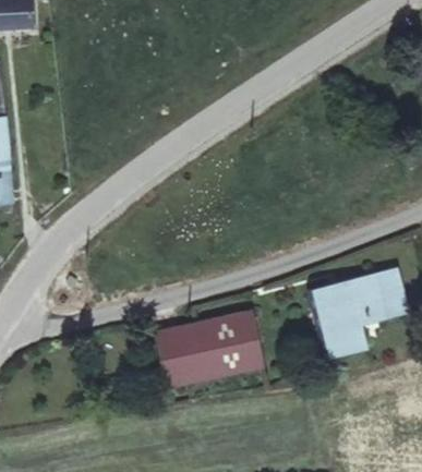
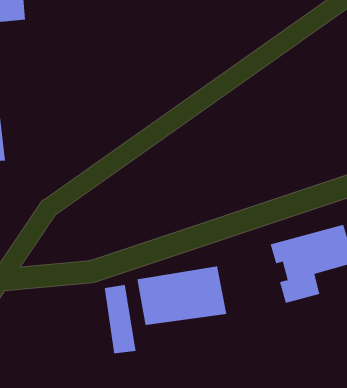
building: none -> [104,284,136,354]

